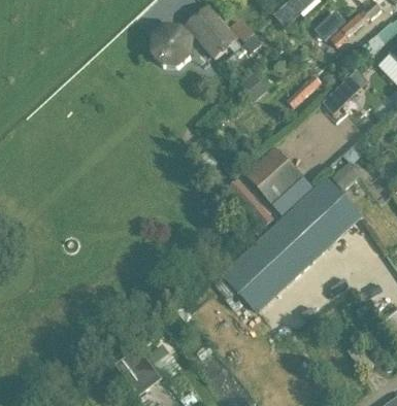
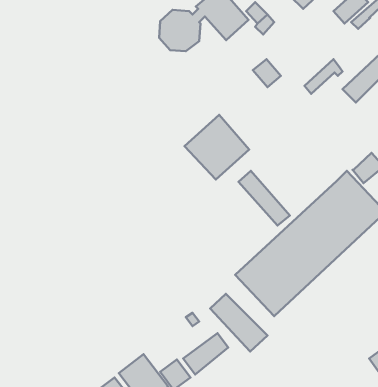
building: [244,145,304,205] -> [184,115,249,180]
building: none -> [210,294,268,352]
building: none -> [183,333,228,374]

